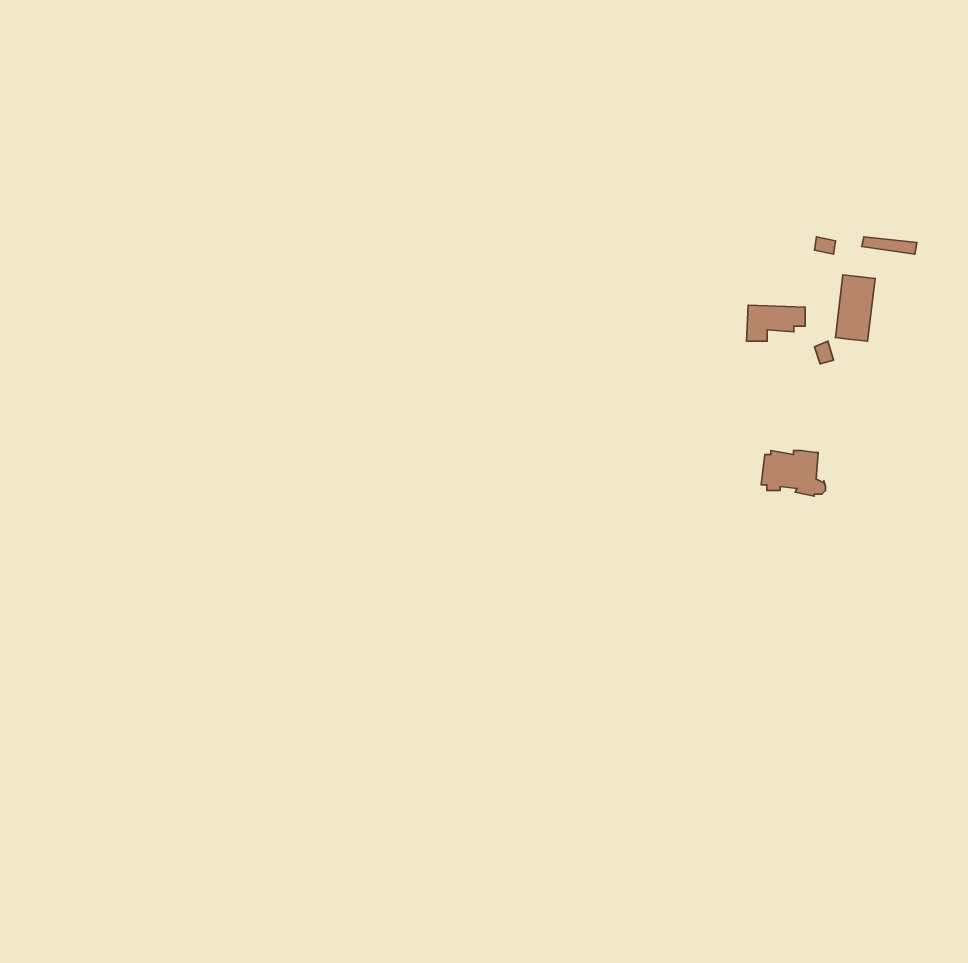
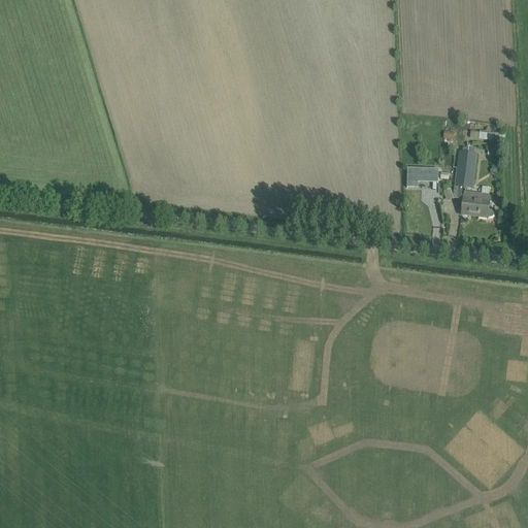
building: [761,451,826,496] -> [459,192,494,217]

